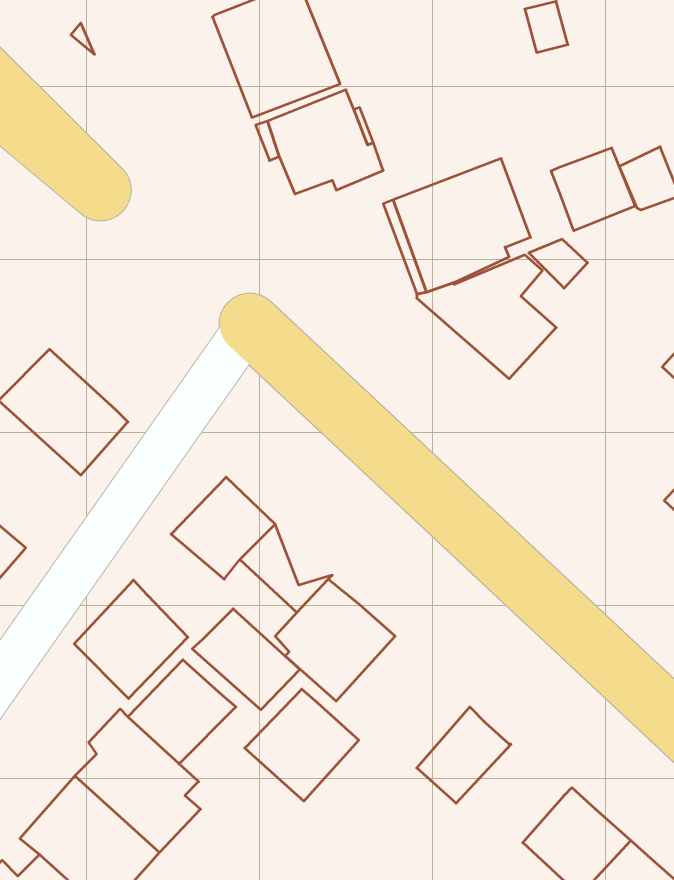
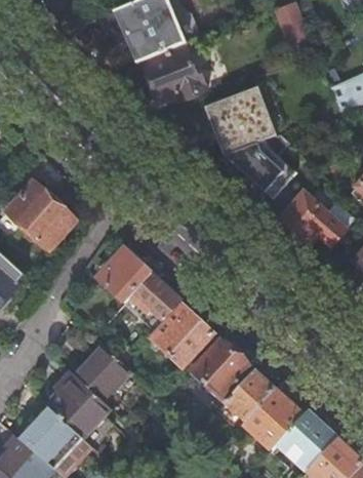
building: [551,148,635,231] -> none
building: none -> [279,191,346,245]
building: [74,580,188,699] -> none
building: [192,609,300,710] -> none
building: [245,689,359,801] -> [190,341,249,399]
building: none -> [242,389,301,449]

